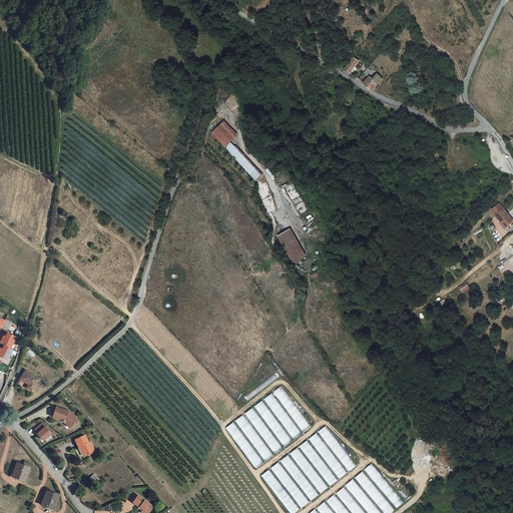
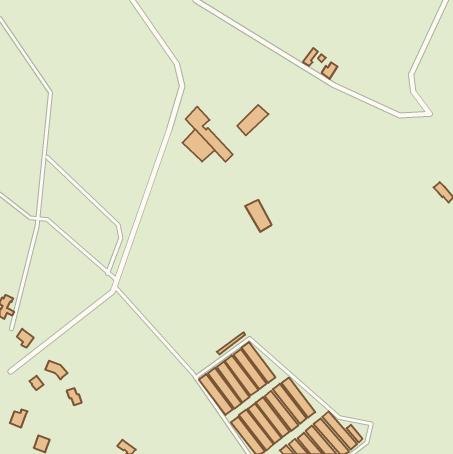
building: none -> [237,105,269,135]
building: none -> [182,129,215,162]

